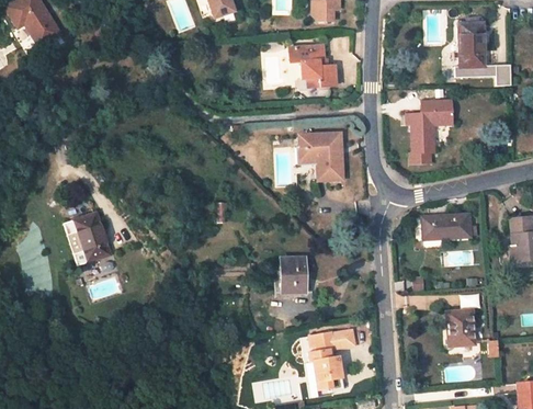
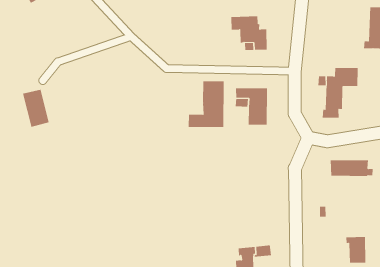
building: none -> [188,80,224,128]
building: [73,213,110,261] -> [22,89,50,127]
building: [276,258,305,291] -> none

